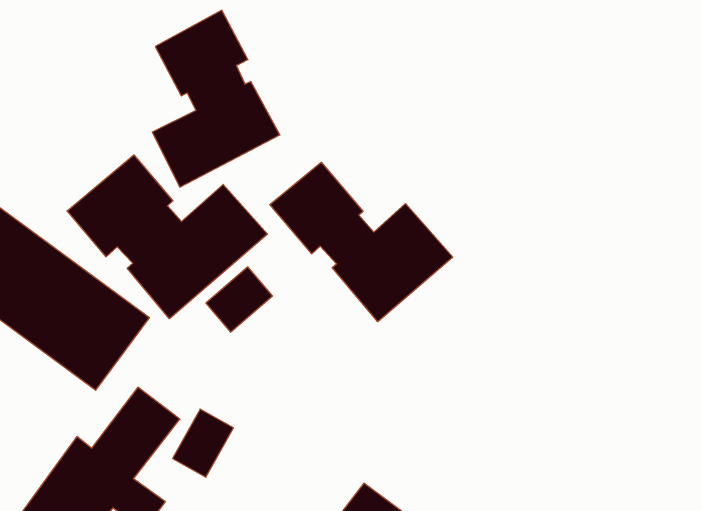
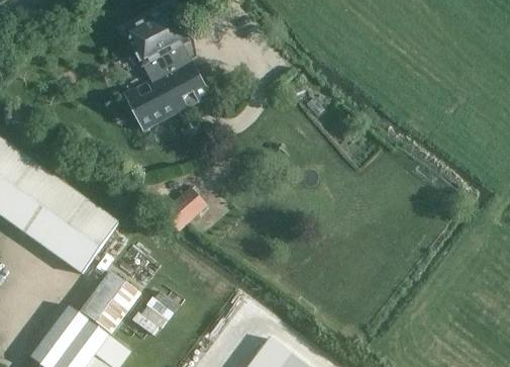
building: [67,155,268,319] -> none
building: [270,162,453,322] -> none

